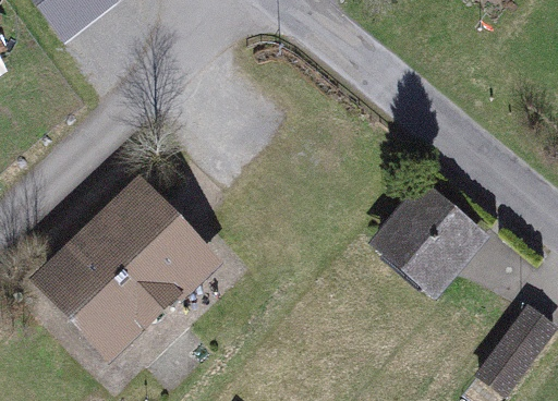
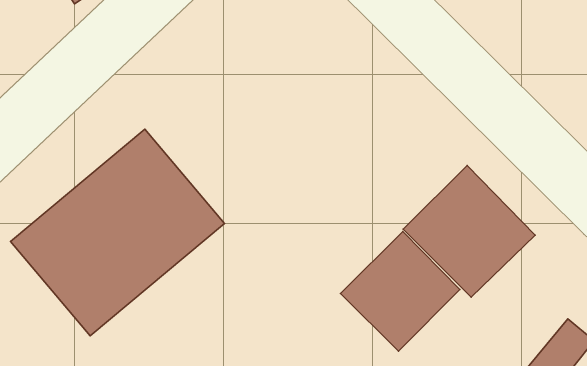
building: none -> [340,232,460,351]

